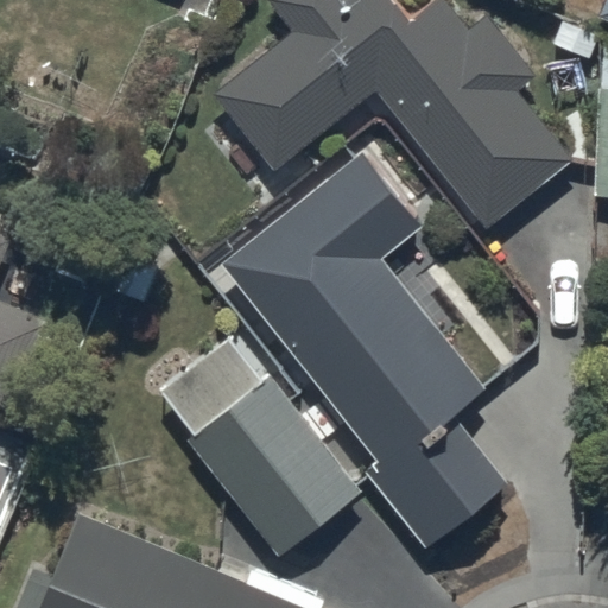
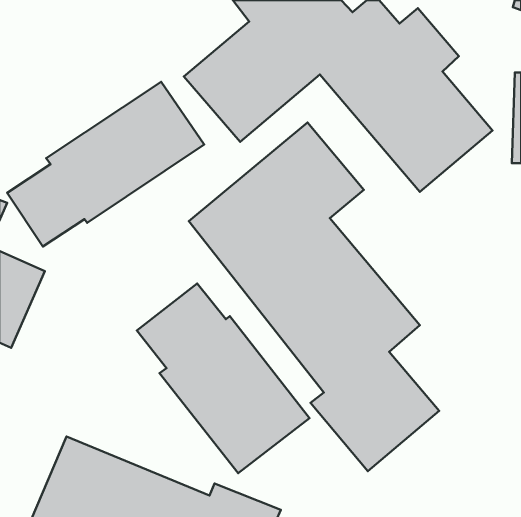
building: none -> [7,82,204,246]

